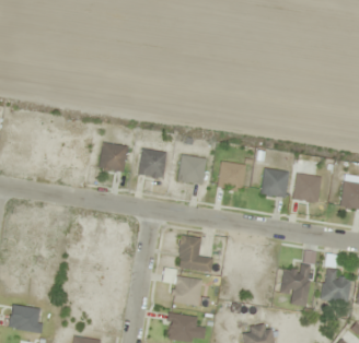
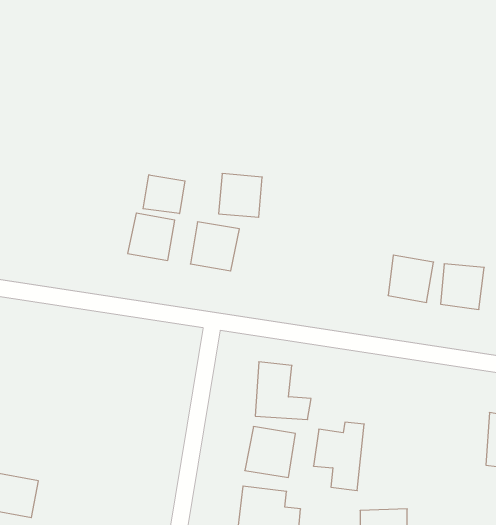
building: none -> [143,175,185,214]
building: [180,155,207,182] -> [219,174,262,217]
building: [219,162,246,190] -> none
building: [281,264,313,307] -> [313,422,364,491]

